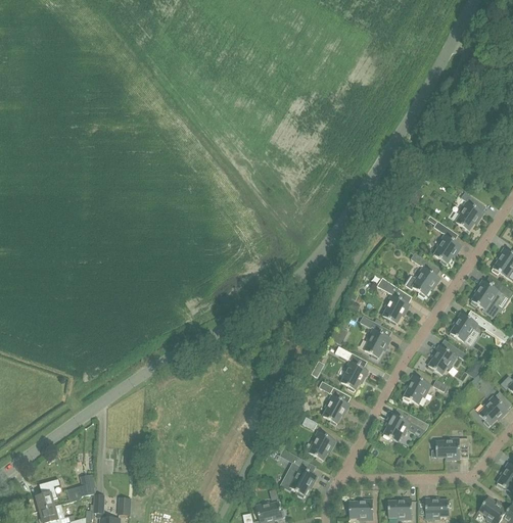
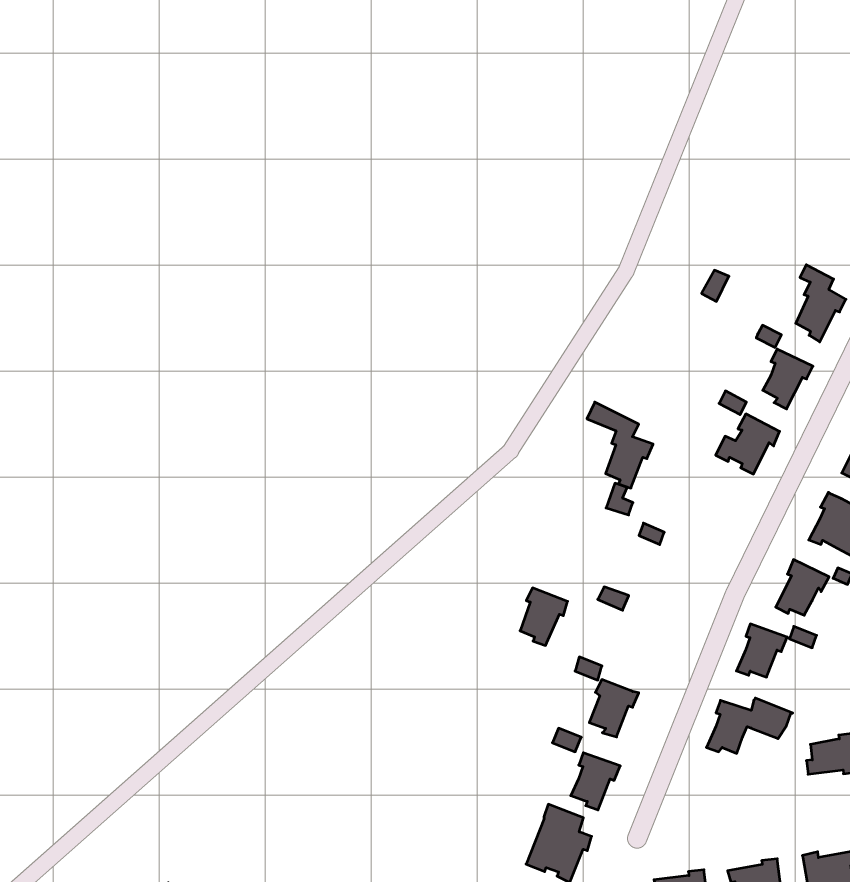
building: [376,277,409,324] -> [587,402,653,488]
building: [363,327,390,359] -> none
building: [340,360,367,390] -> [520,588,568,645]

